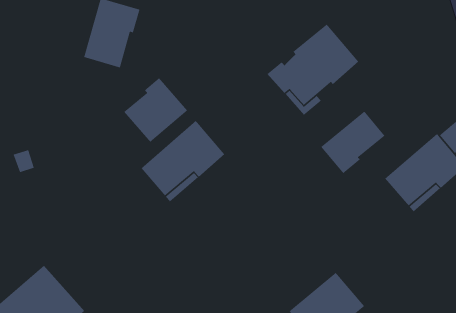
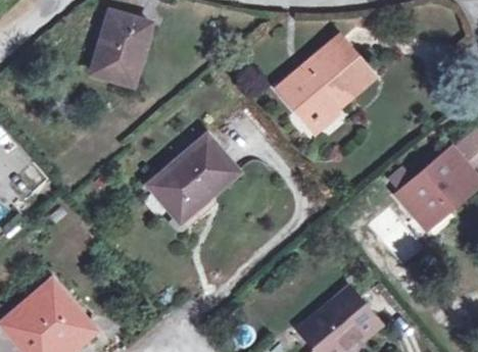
building: [123,77,188,143] -> none
building: [320,111,386,174] -> none

